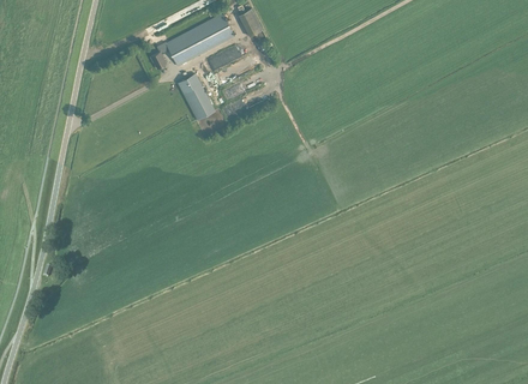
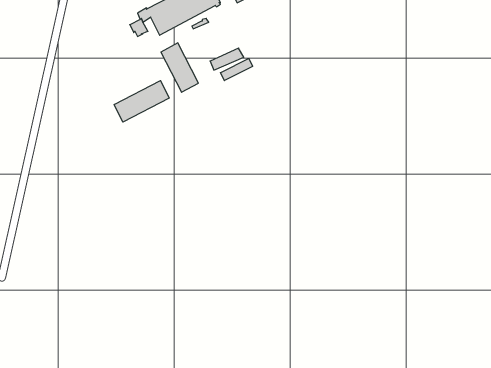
building: none -> [114,81,169,122]

